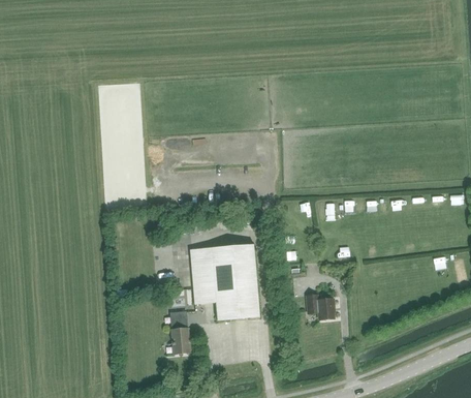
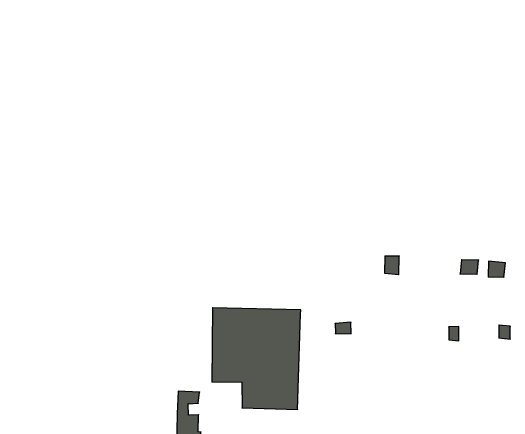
building: [307,296,334,319] -> none

